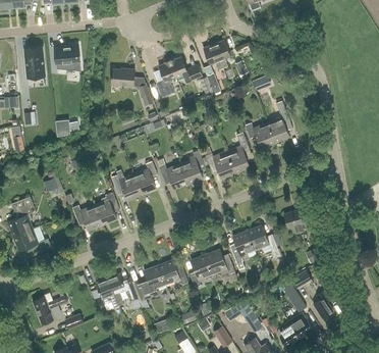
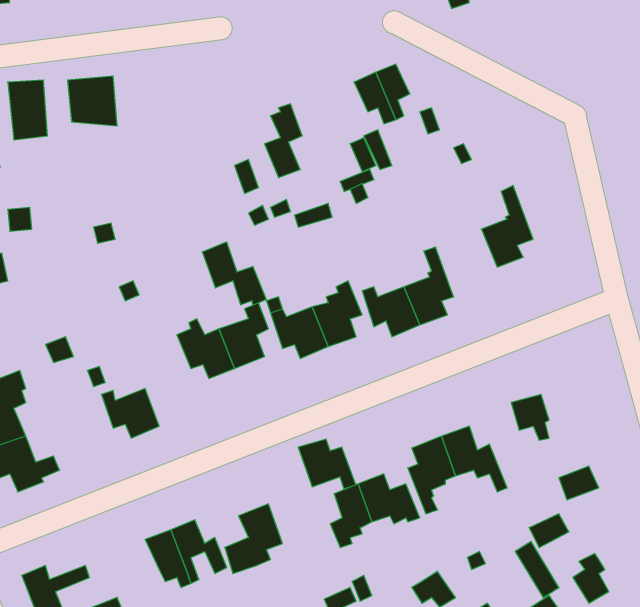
building: [169,56,202,82] -> none
building: [111,69,134,87] -> none
building: [246,123,275,148] -> none
building: none -> [202,242,266,305]
building: [95,193,119,224] -> none
building: [158,260,187,286] -> [298,439,356,489]

